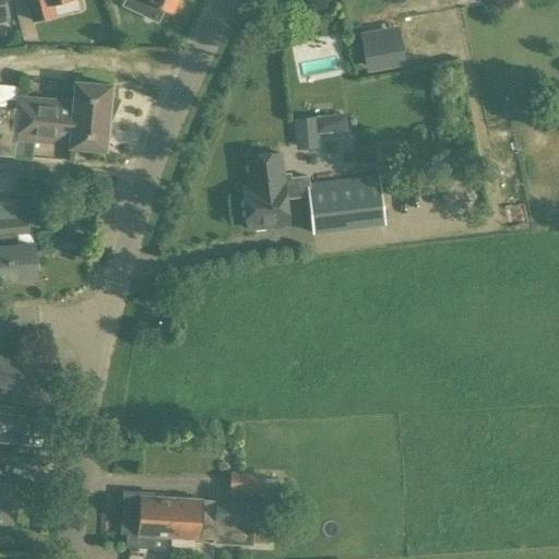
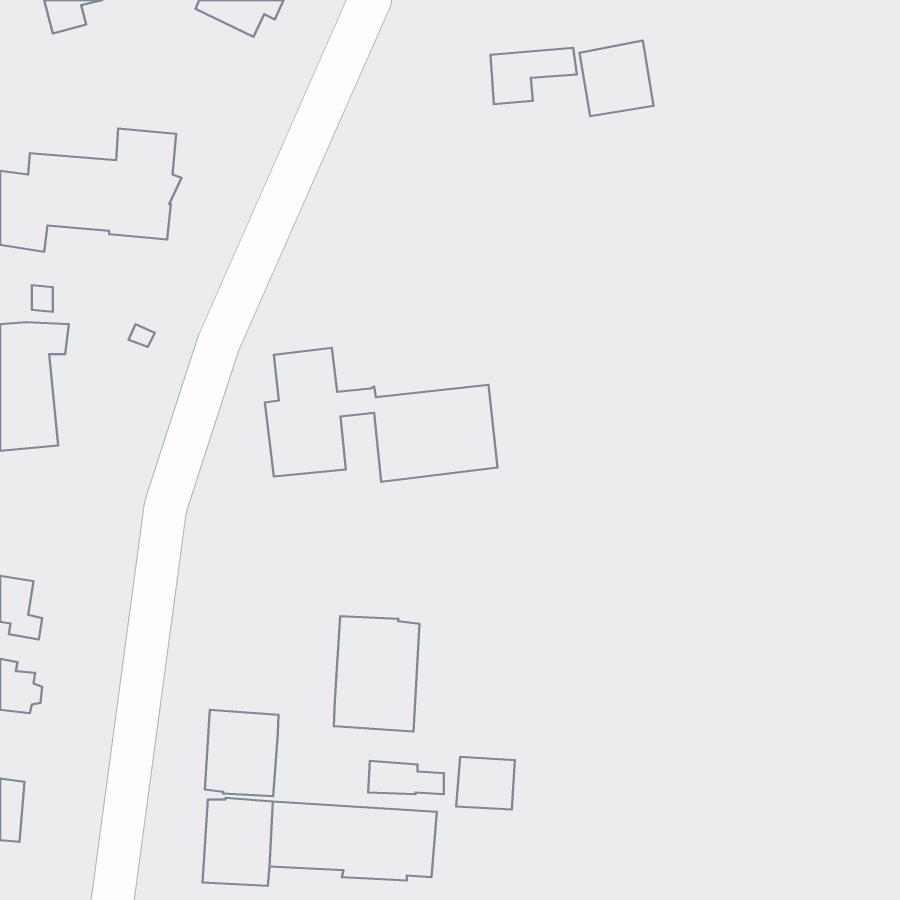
building: [293,115,346,150] -> [490,48,577,104]
building: [240,151,384,234] -> [265,348,497,482]
building: none -> [334,616,419,731]
building: none -> [205,710,279,796]
building: none -> [456,757,515,810]

